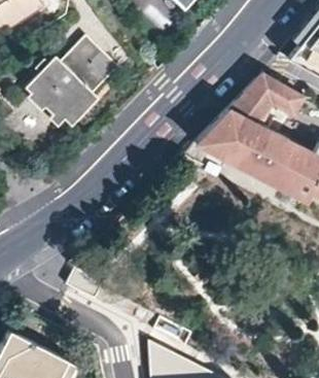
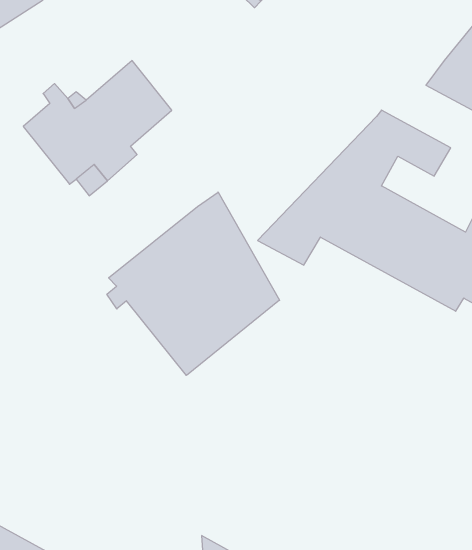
building: none -> [107,192,280,375]

